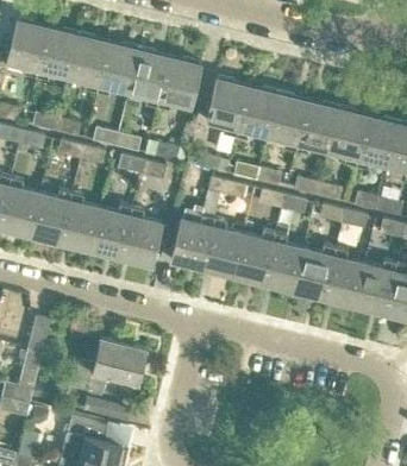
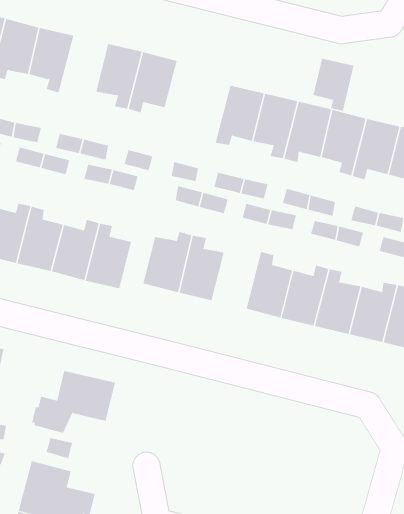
building: [95,40,138,94] -> none
building: none -> [313,58,354,111]
building: [205,76,246,136] -> none
building: [231,229,274,283] -> none

